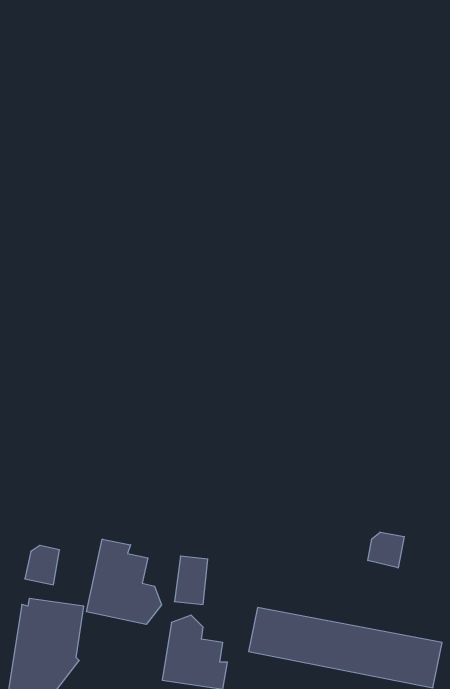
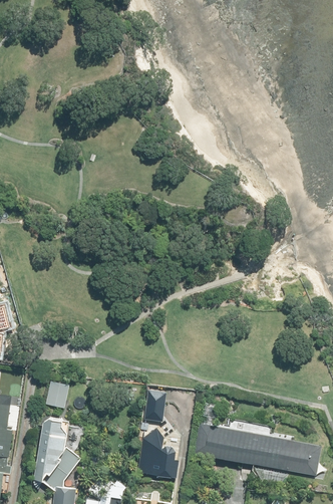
building: [368,532,404,568] -> none
building: [87,539,161,624] -> none

